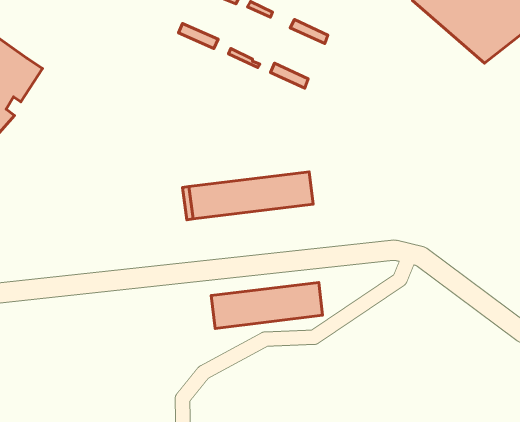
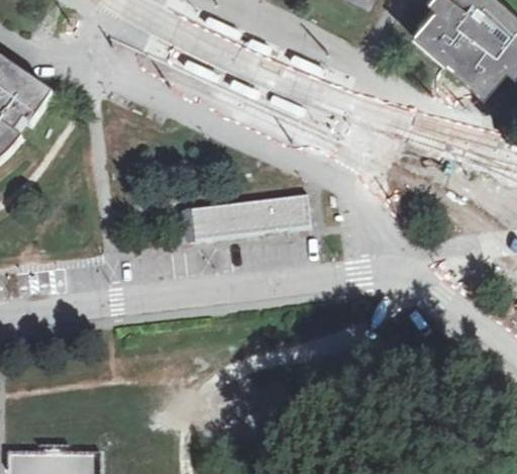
building: [211,282,323,328] -> none

